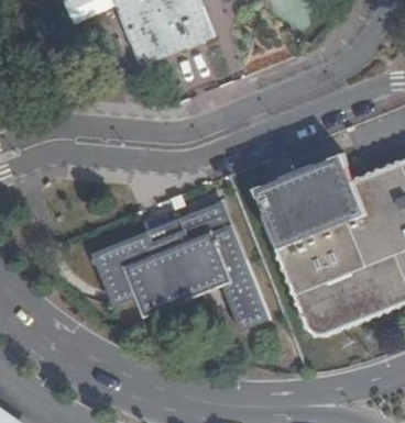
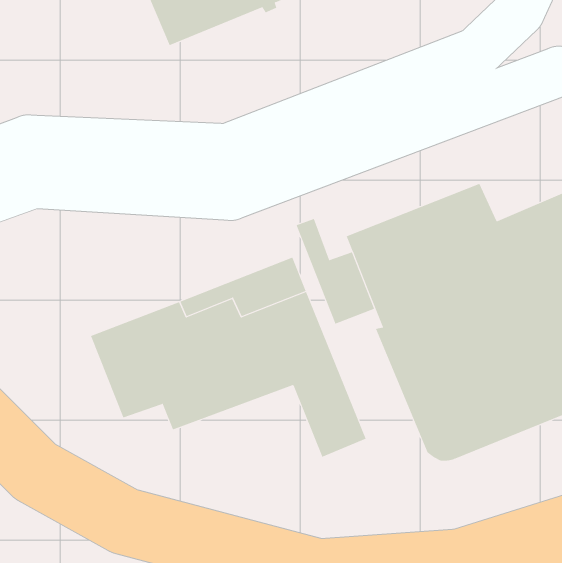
building: none -> [296,218,375,325]

